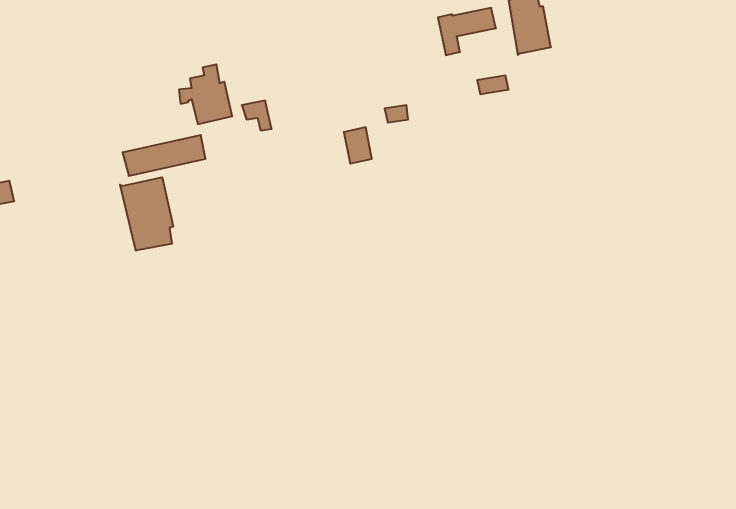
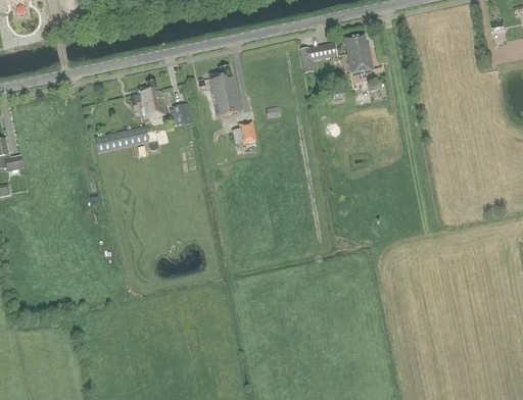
building: none -> [208,66,240,116]
building: [120,177,173,251] -> none

